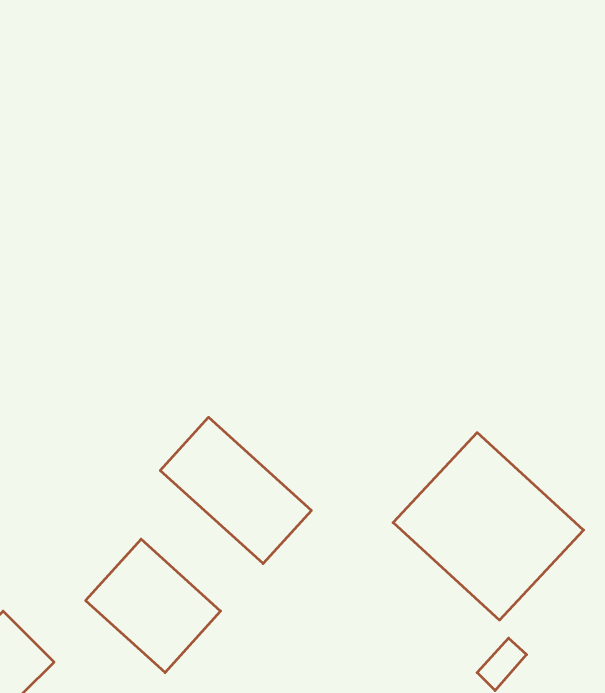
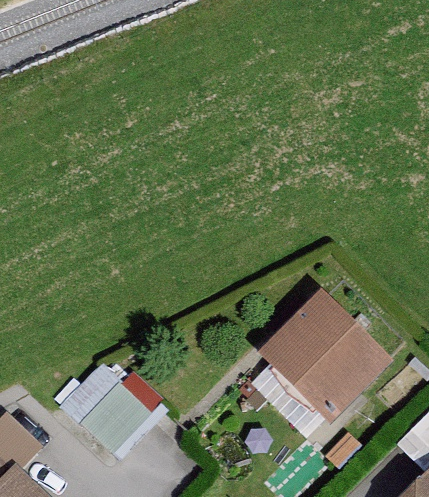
building: [160,417,311,564] -> none

